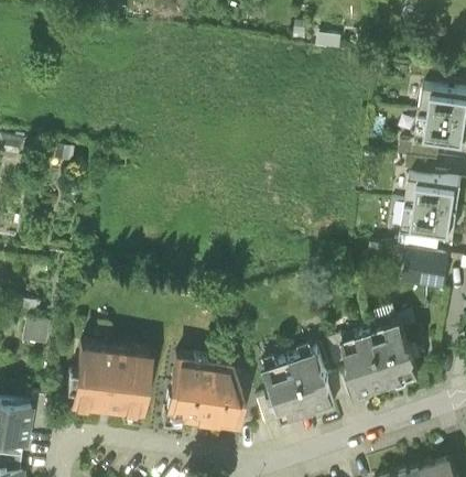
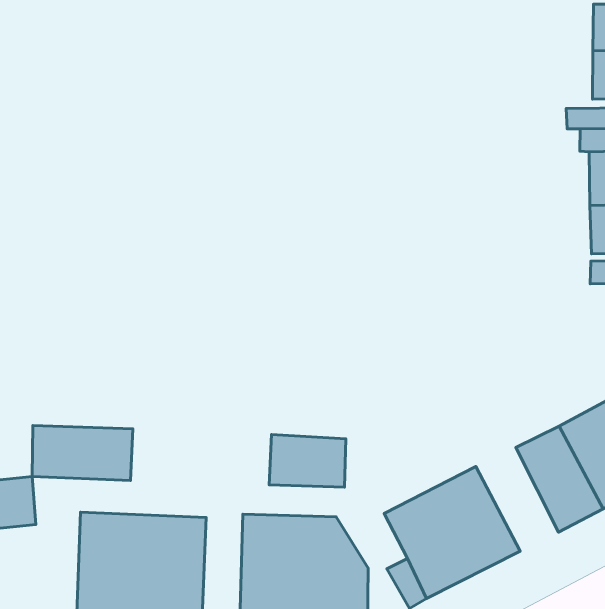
building: none -> [32,425,133,481]
building: none -> [269,434,346,487]

